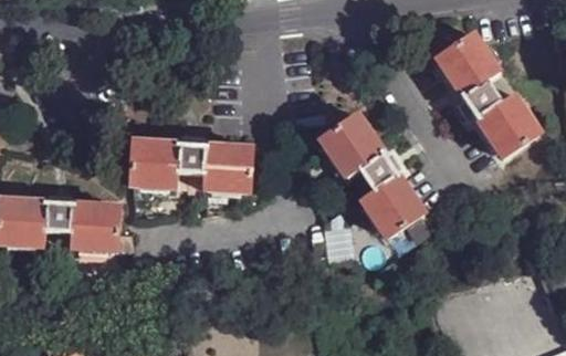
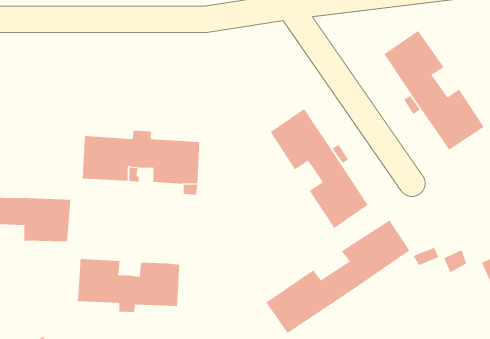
building: none -> [266,220,410,334]
building: none -> [78,258,180,313]

